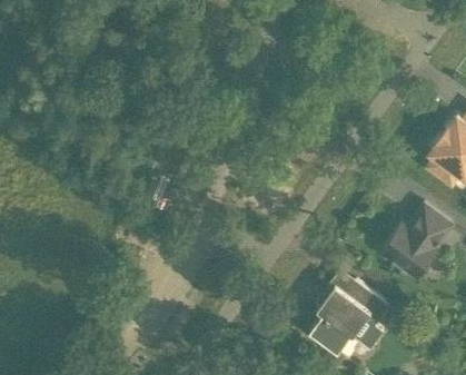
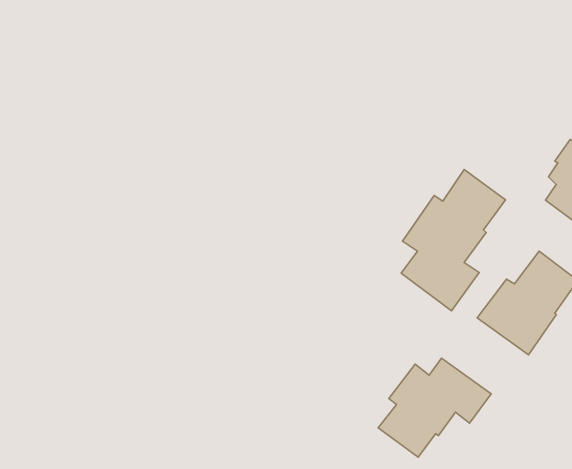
building: none -> [401,169,506,311]

